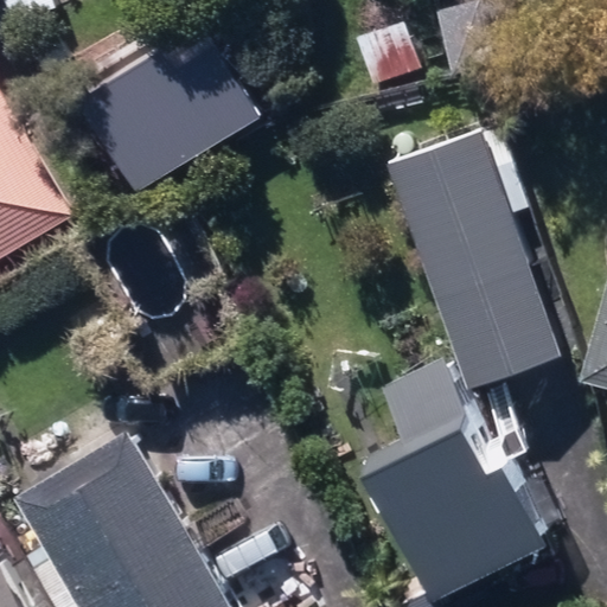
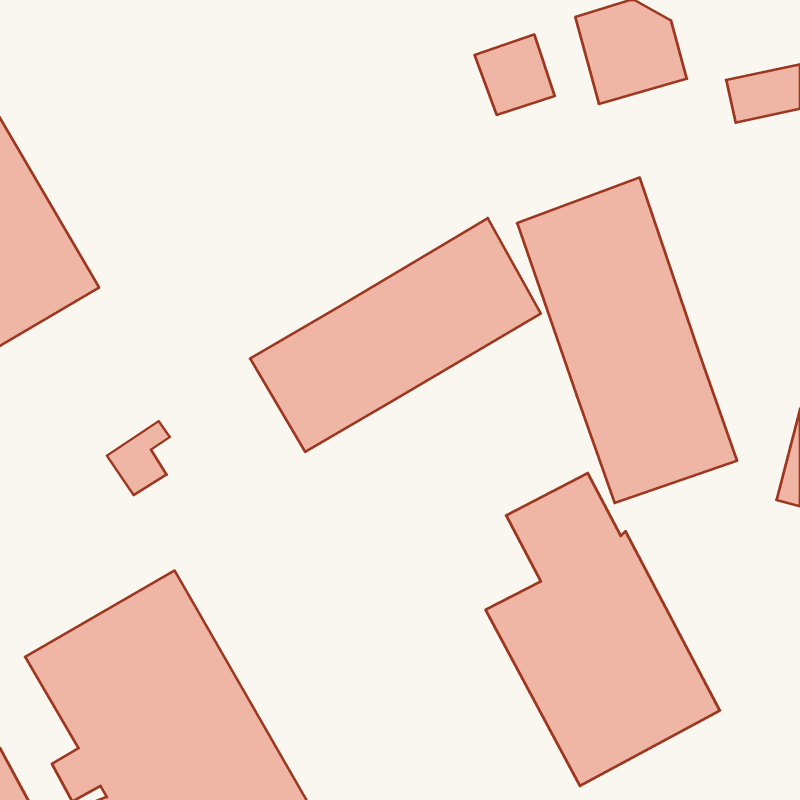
building: [77,26,255,191] -> none
building: none -> [250,218,541,452]

